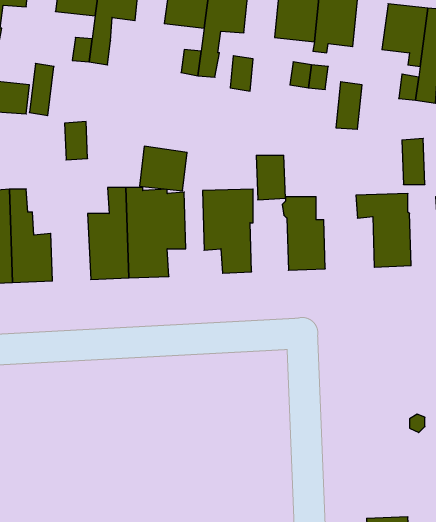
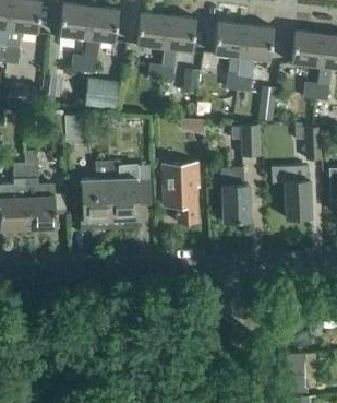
building: [140,146,187,191] -> [84,78,118,109]
building: [256,155,285,200] -> [240,125,261,156]
building: none -> [278,353,306,393]

